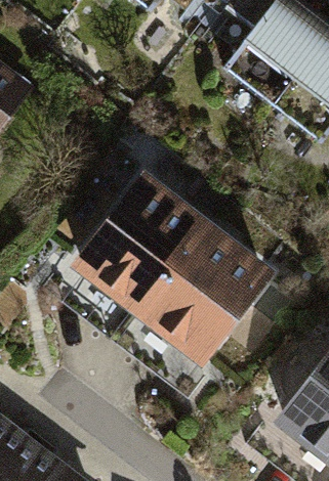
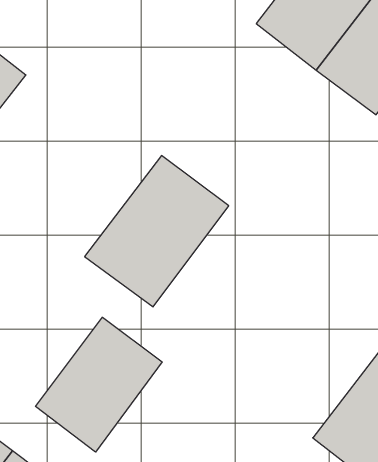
building: [136,220,266,355] -> none
building: none -> [36,317,162,452]

